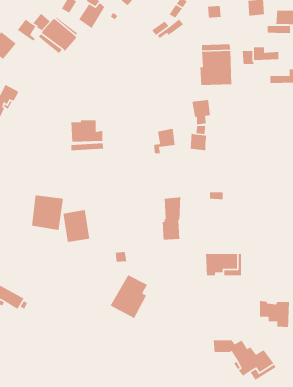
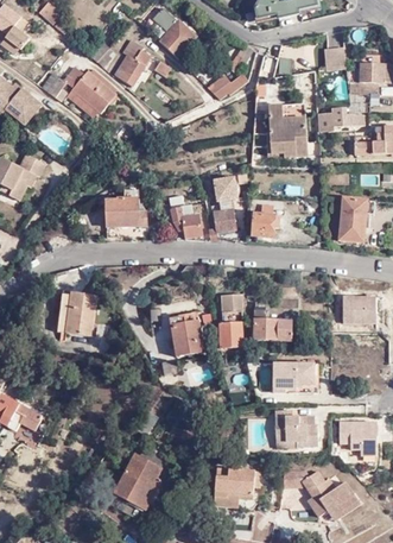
building: [192,99,211,125] -> [215,177,239,209]
building: none -> [340,196,368,240]
building: none -> [172,204,203,238]
building: none -> [343,296,376,322]
building: none -> [254,307,293,334]
building: [62,209,90,243] -> [170,314,204,355]
building: [110,274,148,319] -> [114,453,161,509]
building: none -> [275,416,318,447]
building: none -> [211,469,251,510]

